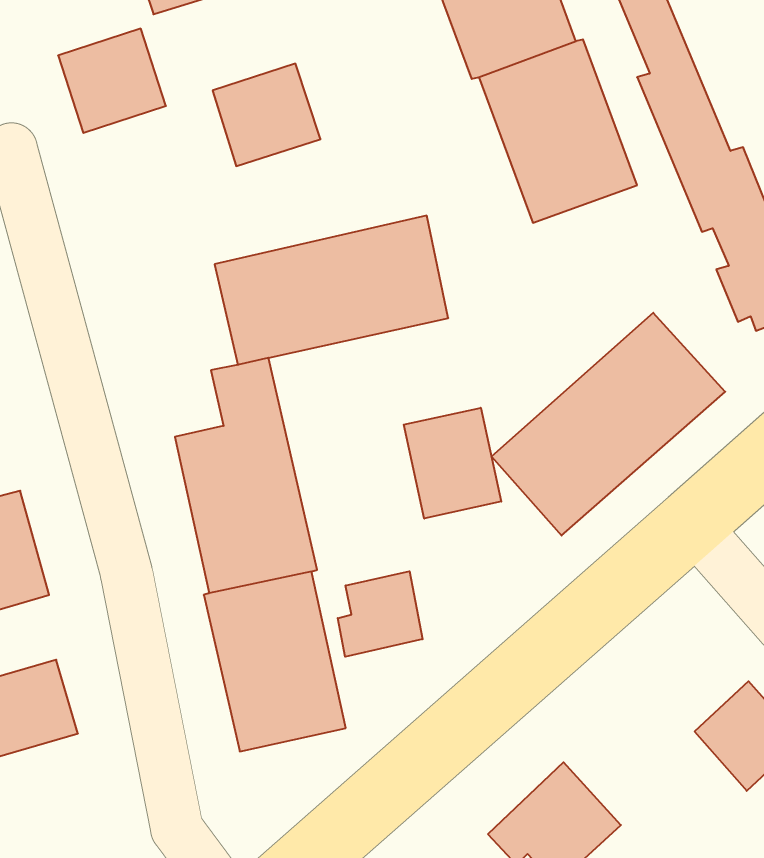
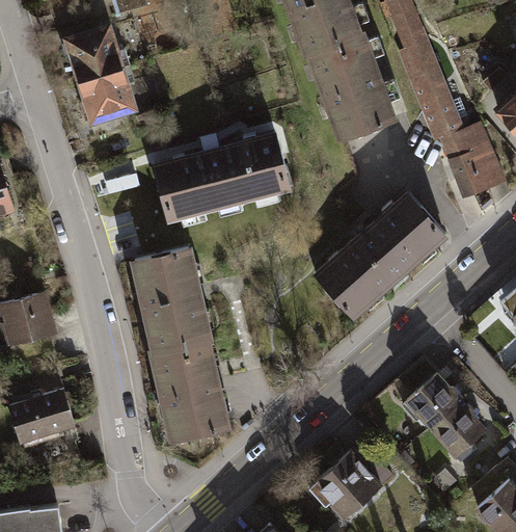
building: [213,64,321,166] -> [78,69,140,128]
building: [404,408,501,519] -> none
building: [338,571,423,657] -> none
building: none -> [401,358,462,430]

